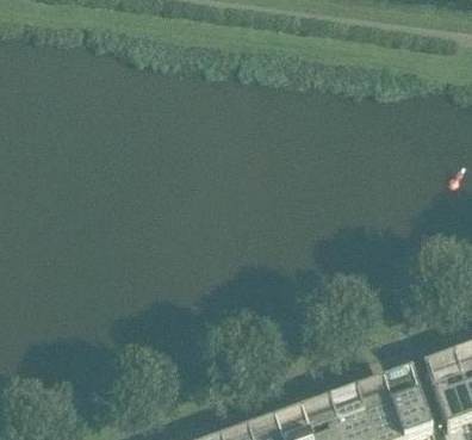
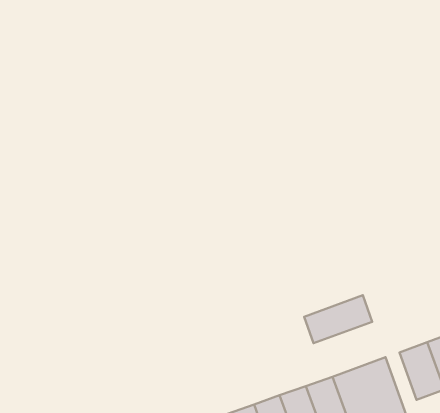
building: none -> [304,295,372,343]

